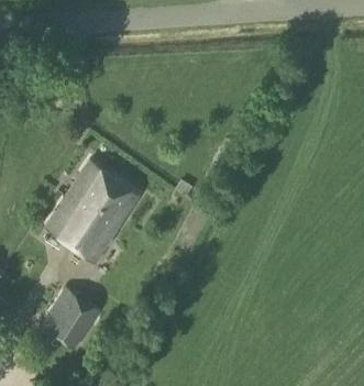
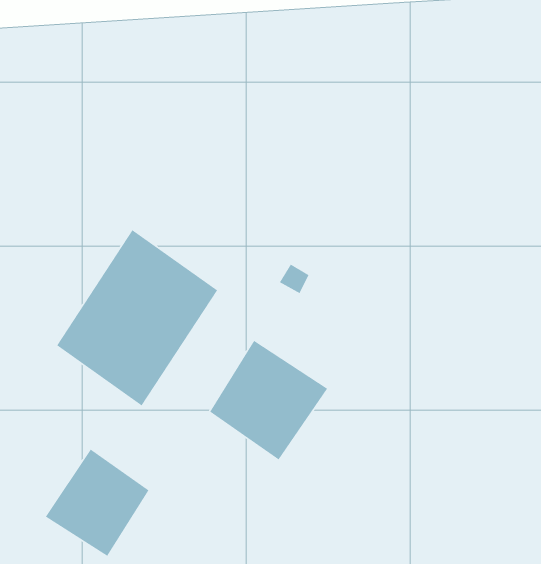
building: none -> [209,340,328,461]

